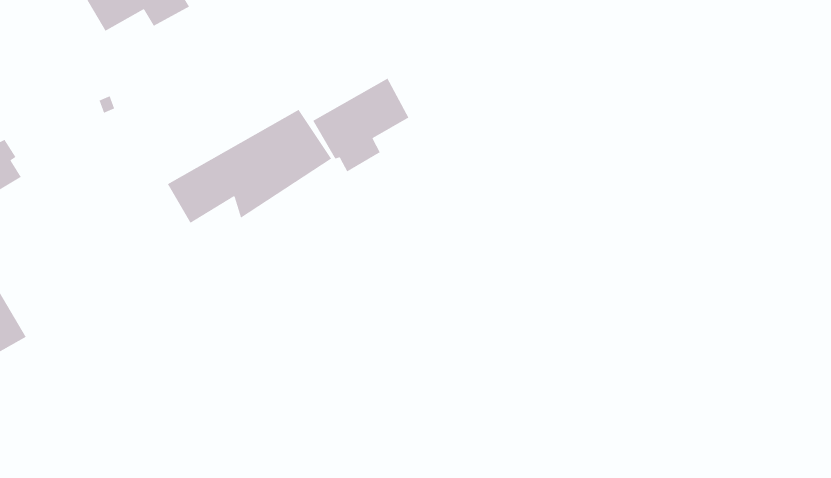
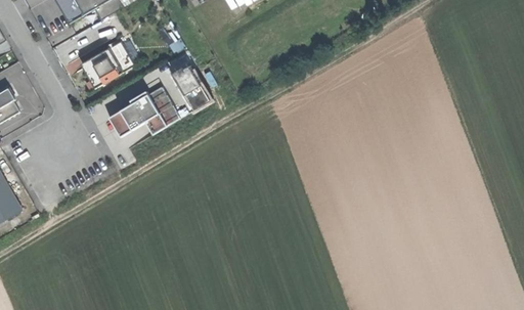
building: none -> [82,39,133,87]
building: [312,78,410,172] -> none

